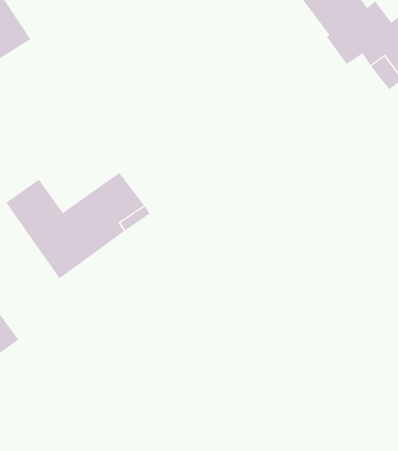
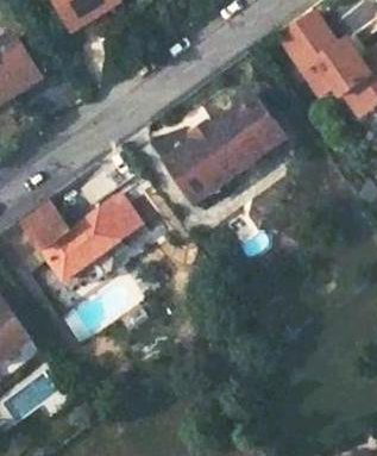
building: none -> [159,90,283,200]

